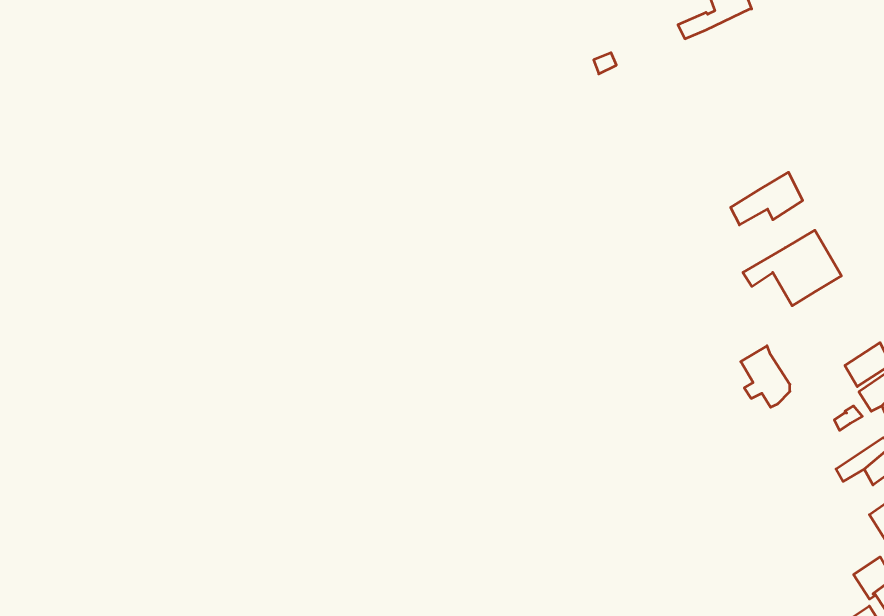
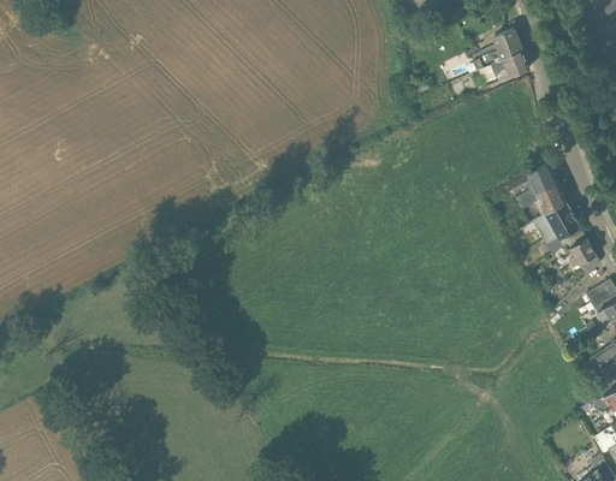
building: none -> [482,51,531,83]
building: none -> [523,182,567,214]
building: [741,346,790,407] -> [567,233,600,275]

